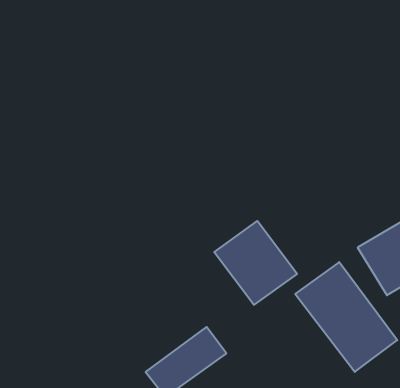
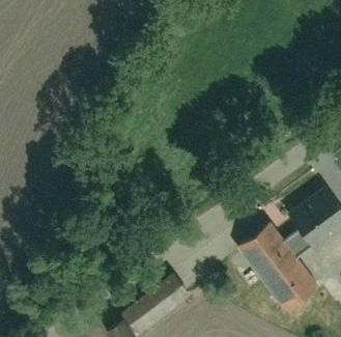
building: [214,221,297,305] -> none

